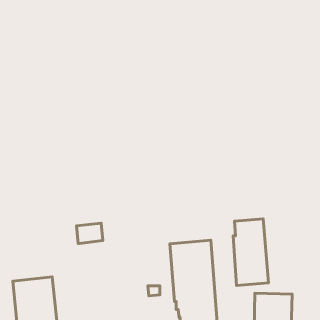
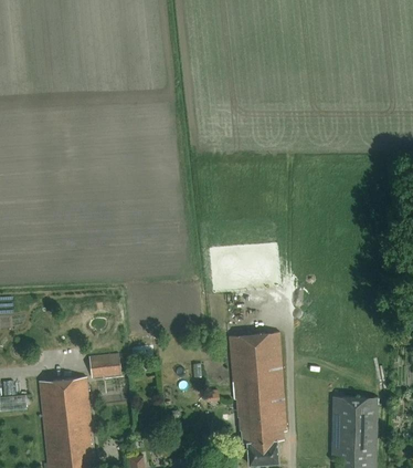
building: [233,219,268,285] -> none
building: [76,223,103,243] -> [88,353,120,377]

